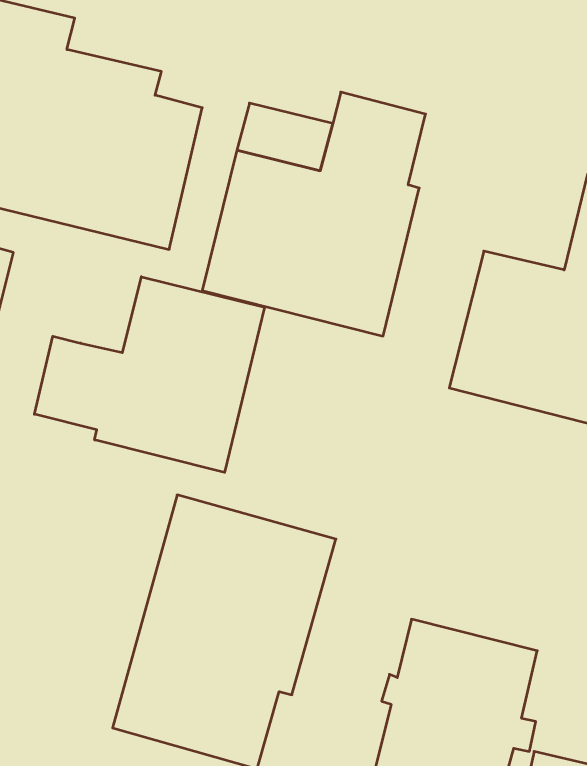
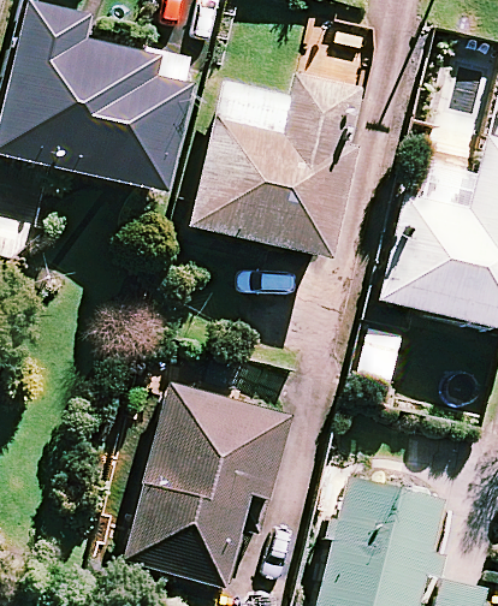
building: [34,277,265,472] -> none

